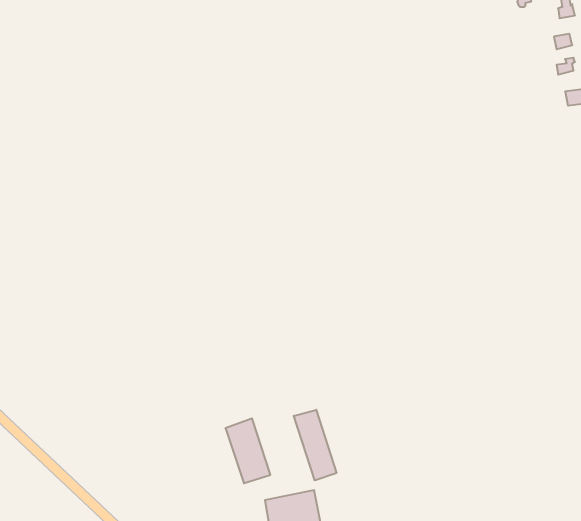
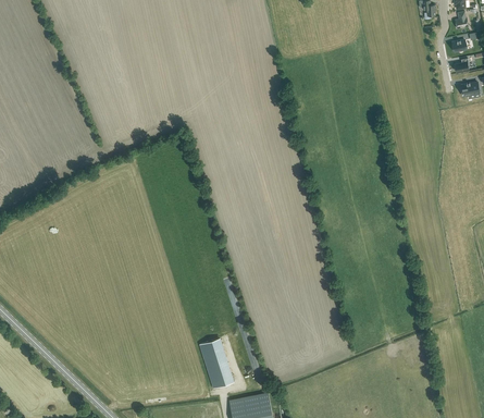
building: [294,410,336,480] -> none

